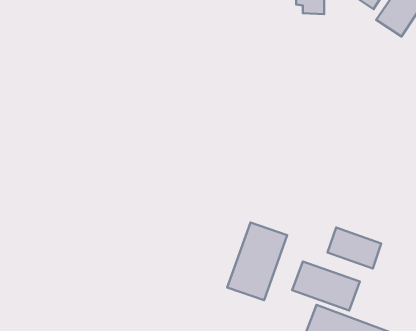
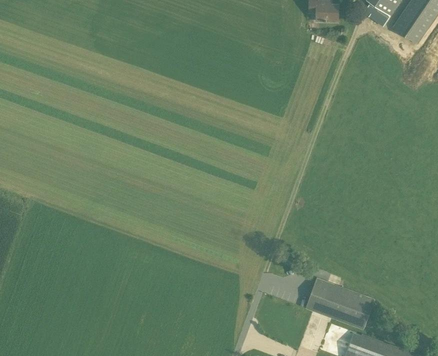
building: [227,222,287,300] -> none
building: [327,228,381,269] -> none

